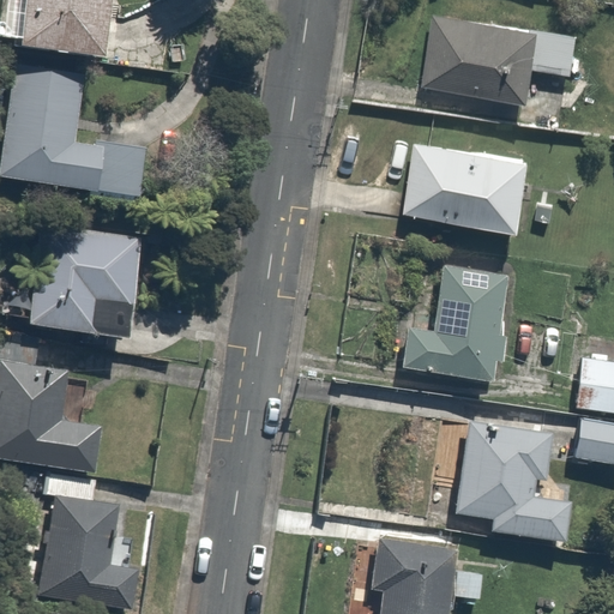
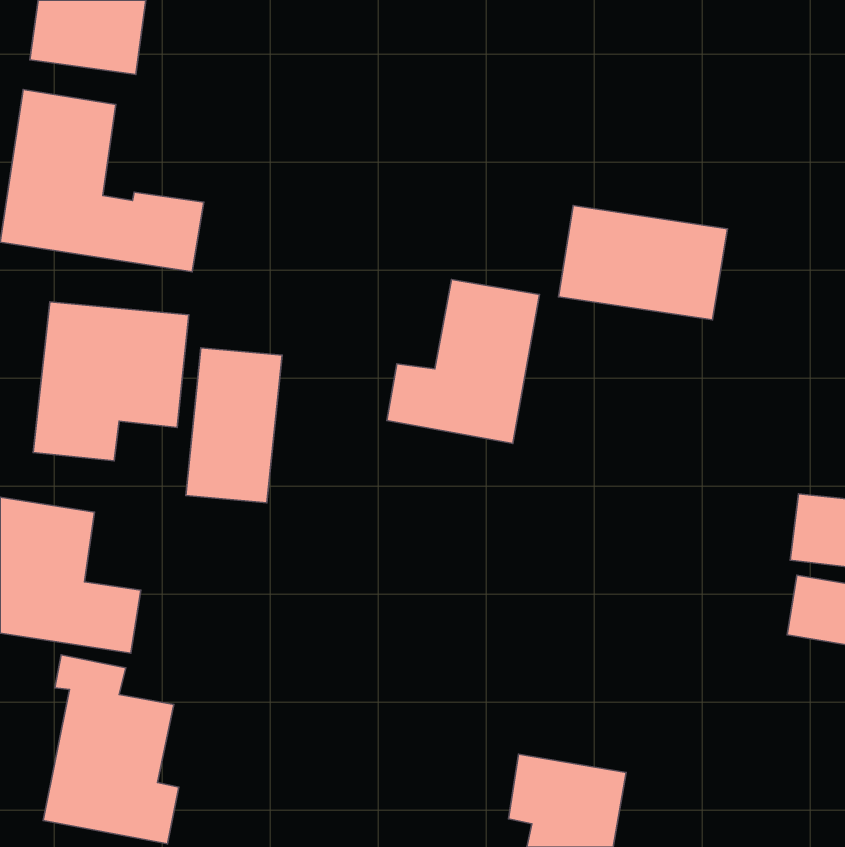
building: [420,12,576,100] -> none
building: none -> [186,348,282,503]
building: [398,270,508,389] -> [387,279,539,444]
building: [450,421,574,547] -> none

